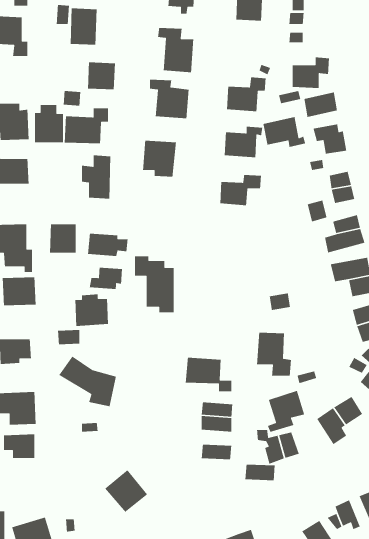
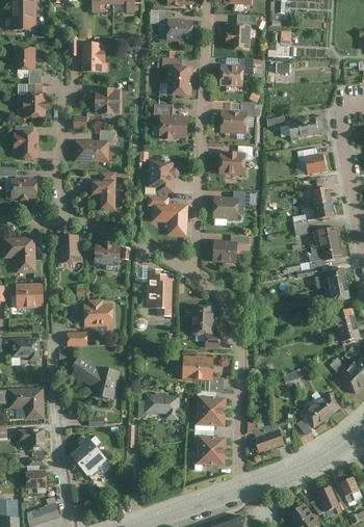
building: [292,57,330,89] -> [219,58,254,87]
building: [34,104,64,143] -> [20,84,47,120]
building: [263,116,306,148] -> none
building: none -> [142,194,185,235]
building: none -> [213,232,250,263]
building: [89,267,123,290] -> none
building: [256,332,292,377] -> [189,307,222,347]
building: [267,390,305,433] -> none
building: none -> [146,393,180,421]
building: [245,464,276,481] -> [194,448,223,464]
building: [104,469,148,513] -> [68,437,107,476]
building: none -> [26,465,47,492]

